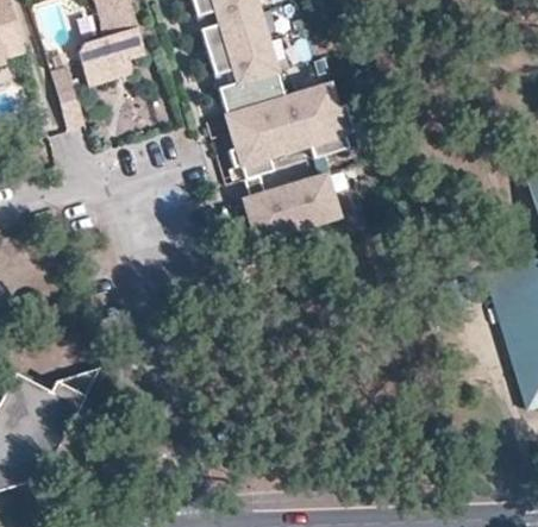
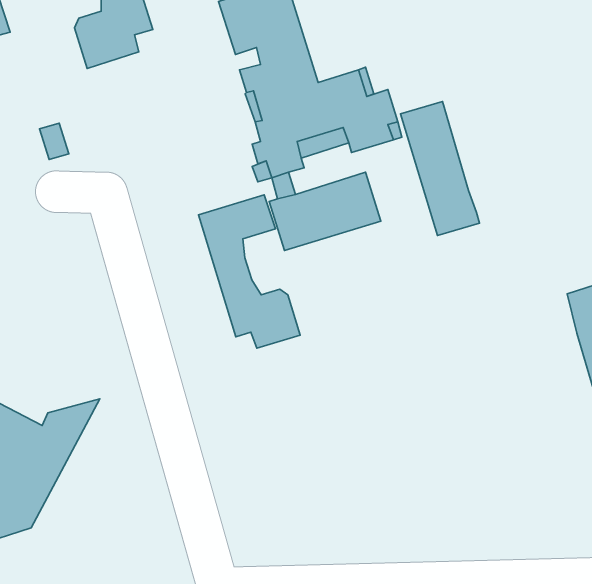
building: none -> [400,102,480,235]
building: none -> [198,195,300,348]

